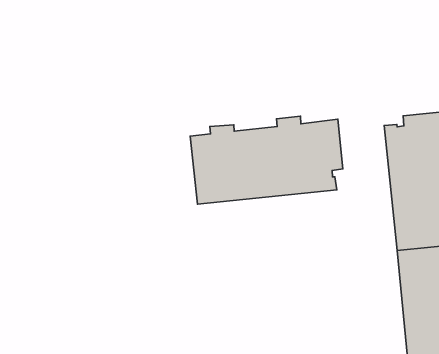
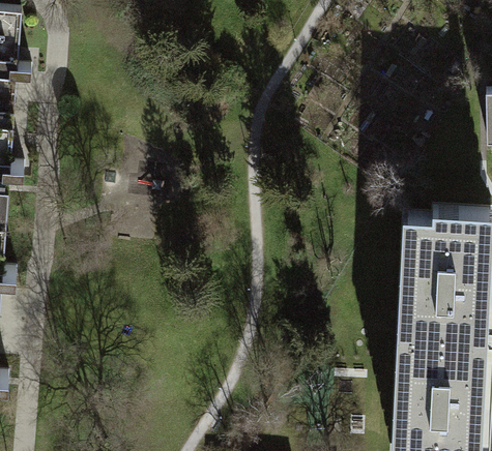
building: [190,116,343,204] -> none

